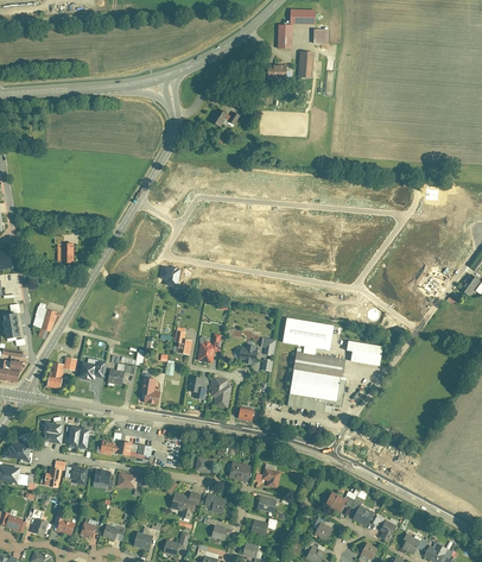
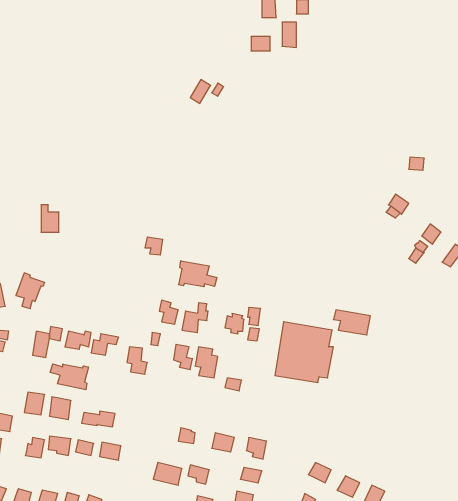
building: none -> [179,261,217,287]
building: [285,317,337,349] -> none
building: none -> [50,364,88,390]

